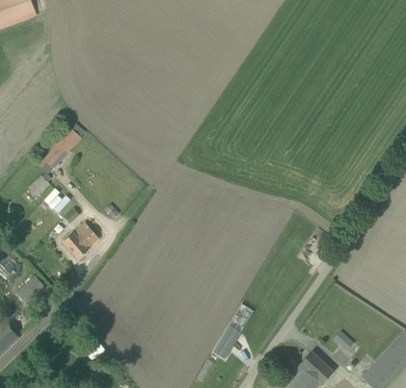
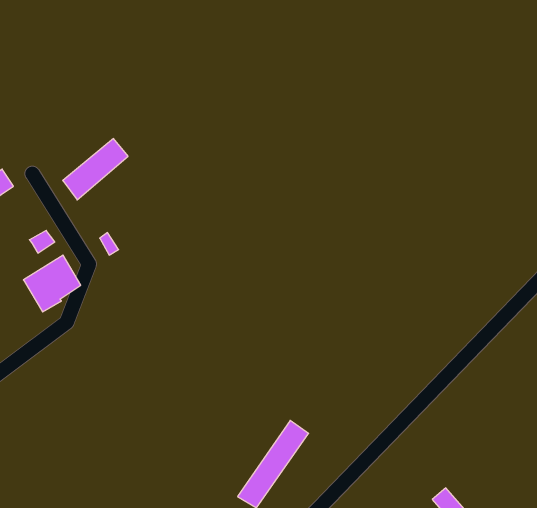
building: [44,128,81,169] -> [63,139,128,200]

